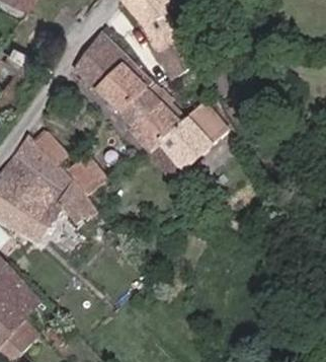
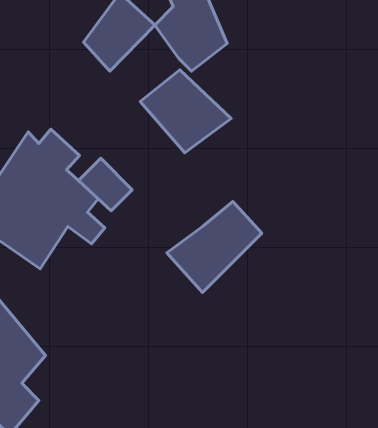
building: [92,51,146,110] -> none
building: [158,103,231,173] -> [167,201,262,292]

